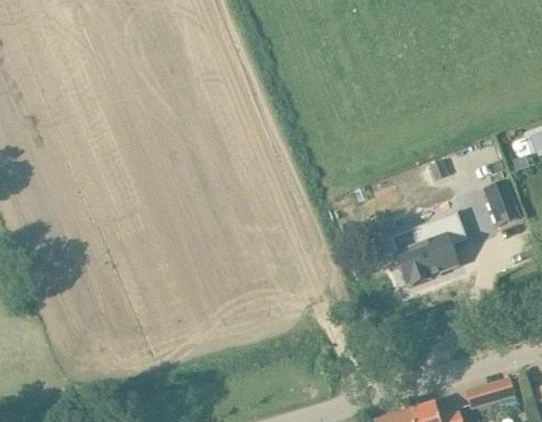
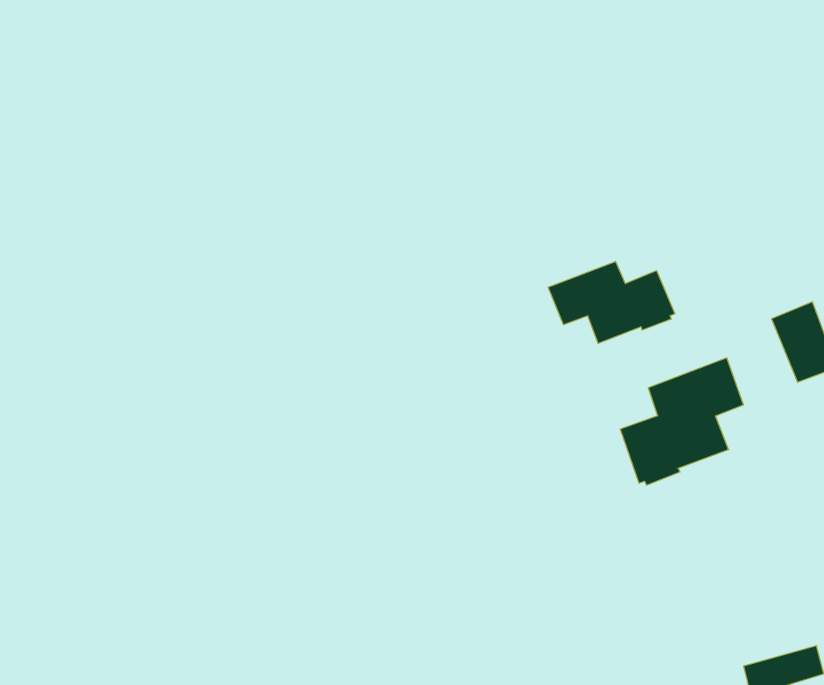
building: none -> [548,261,675,344]

